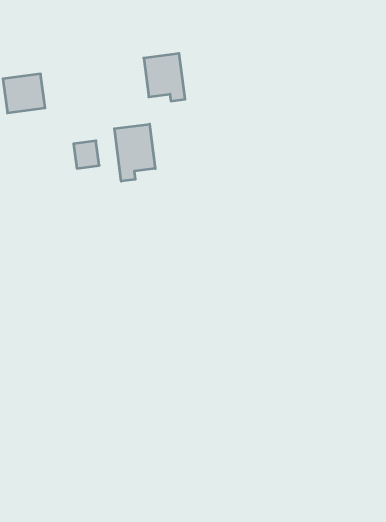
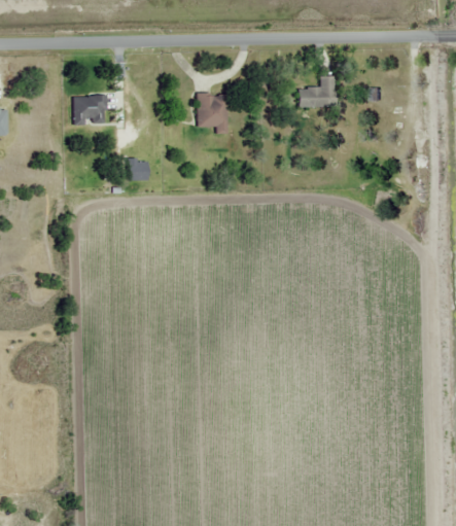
building: none -> [299,76,334,107]
building: [114,124,155,181] -> none

